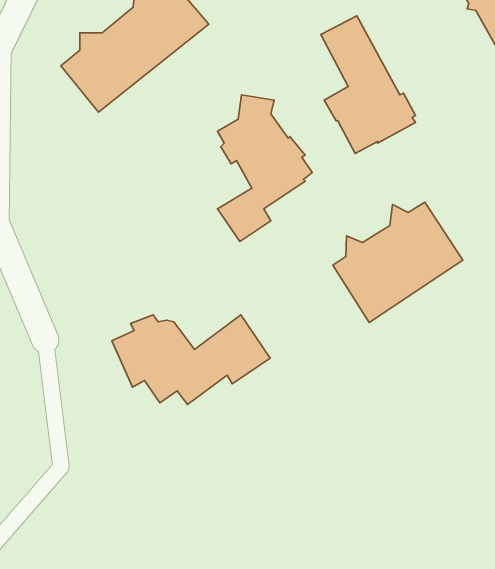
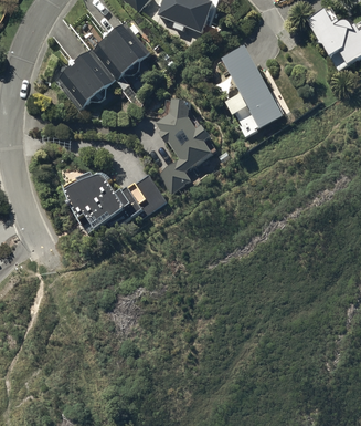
building: [333,202,463,322] -> none
building: [112,315,270,405] -> [66,170,168,228]

